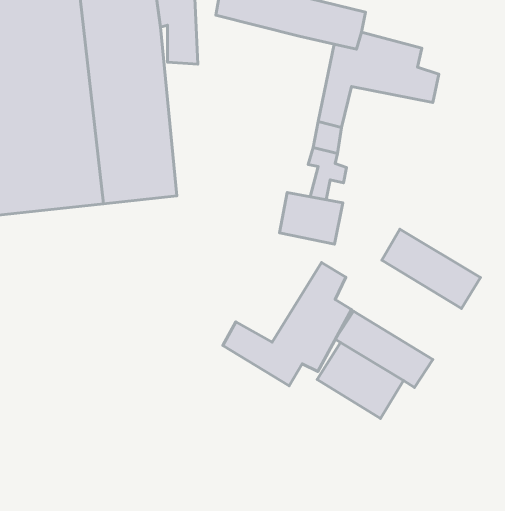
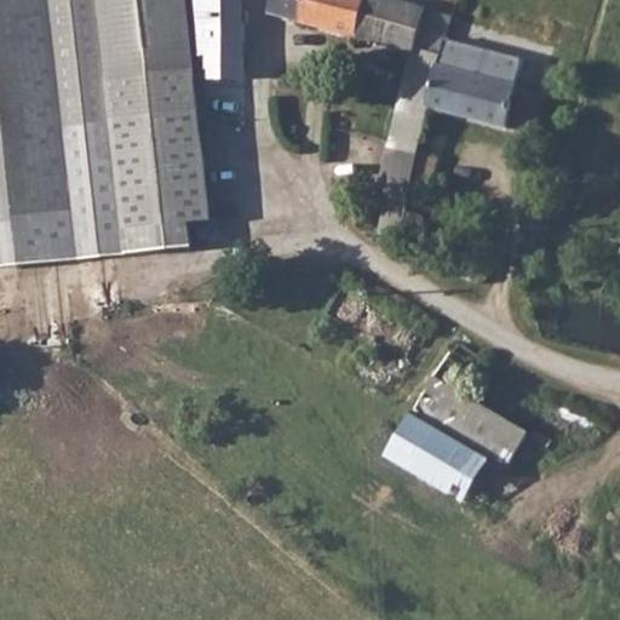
building: [280,192,343,244] -> none
building: [382,229,481,309] -> none
building: [223,263,351,386] -> none

